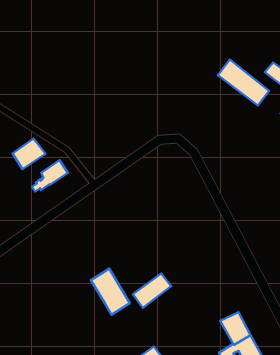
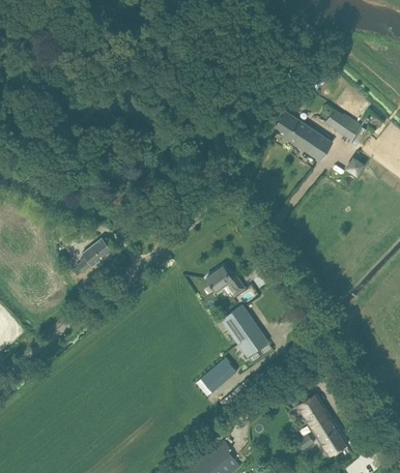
building: [12,138,45,169] -> none
building: none -> [206,267,244,295]
building: [91,269,130,315] -> [222,305,267,357]

